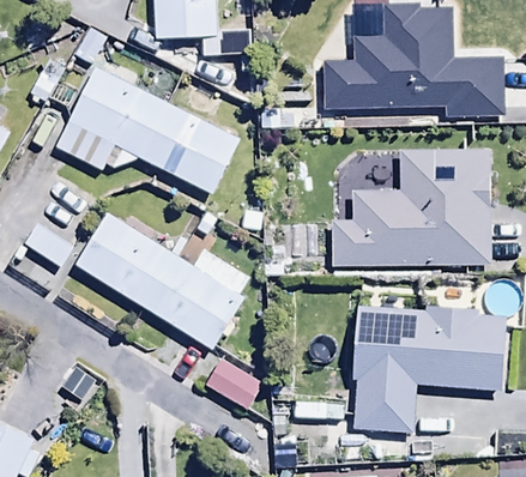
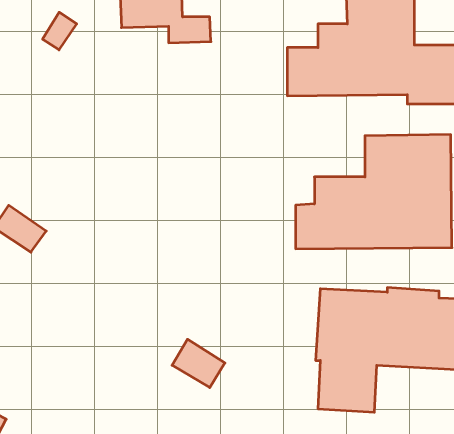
building: [55,65,240,194] -> none
building: [75,211,250,350] -> none

